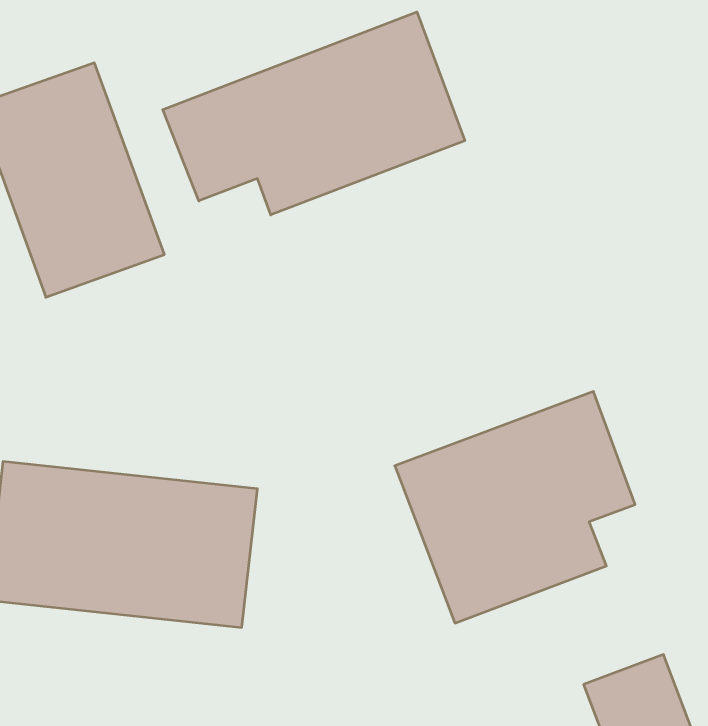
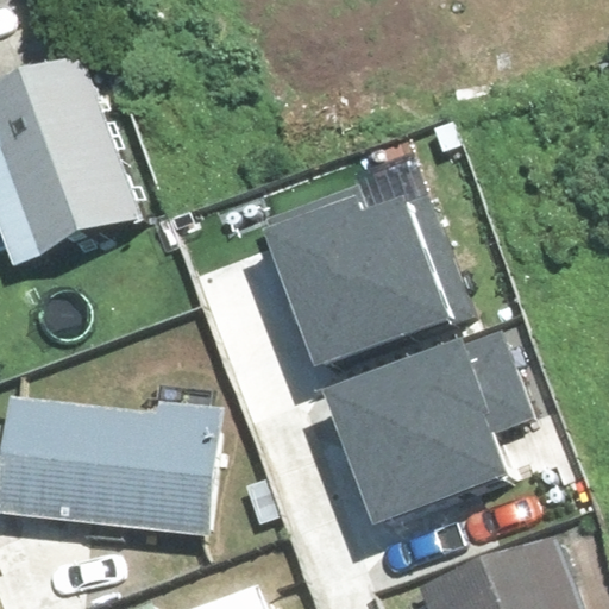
building: [163,12,465,215] -> none
building: none -> [260,184,460,377]

